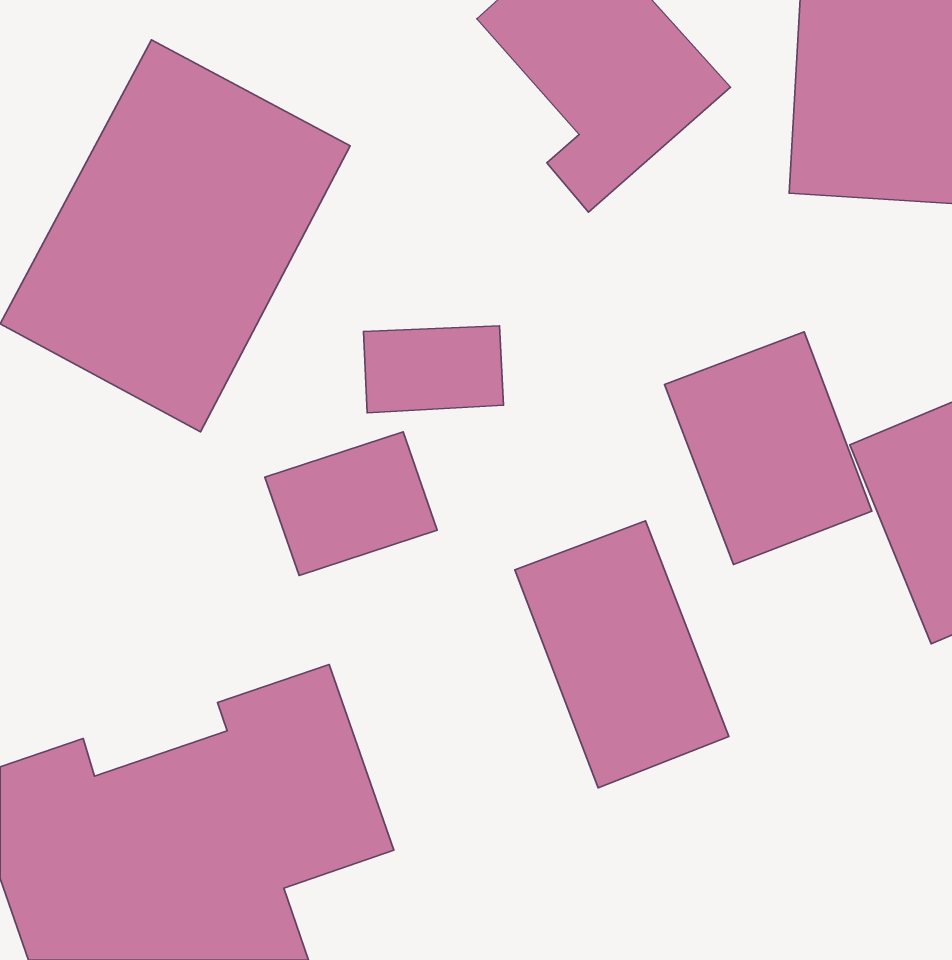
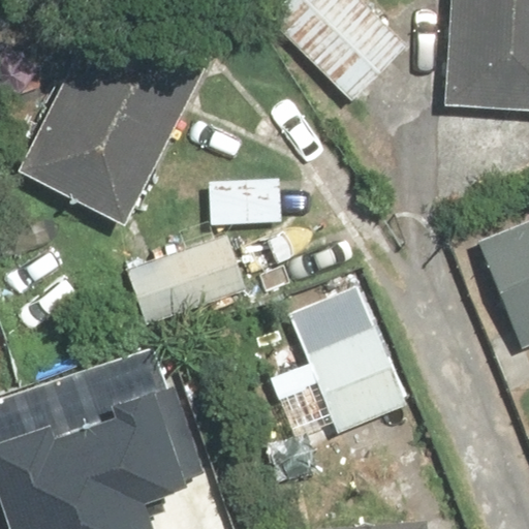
building: [665,332,872,565] -> none

